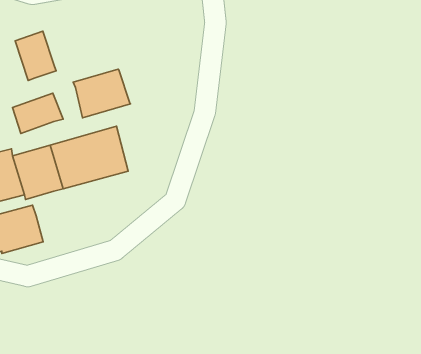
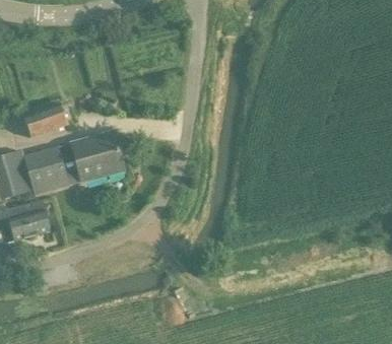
building: [15,31,56,81] -> none
building: [73,69,130,118] -> none

